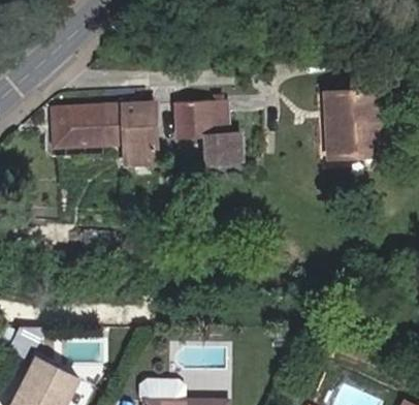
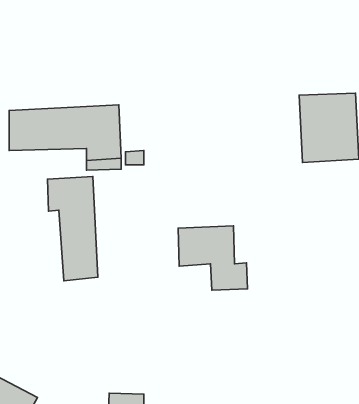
building: [174,100,240,161] -> [178,226,248,290]
building: none -> [47,176,98,281]

